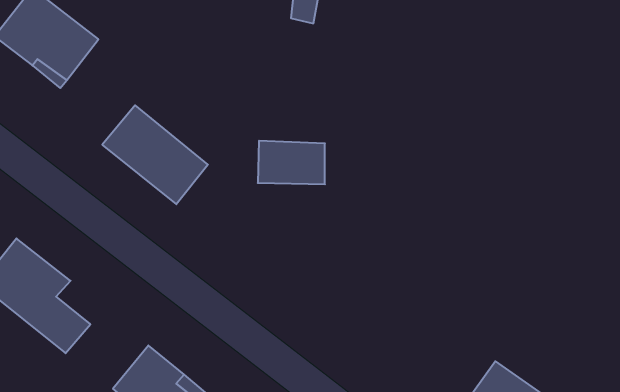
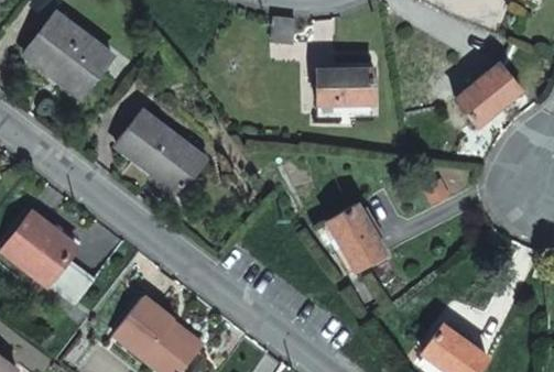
building: none -> [454,59,519,121]
building: [258,141,325,184] -> [316,63,372,99]
building: none -> [328,198,387,264]

